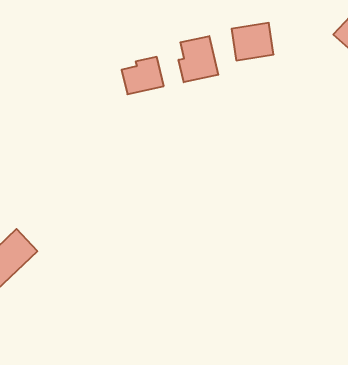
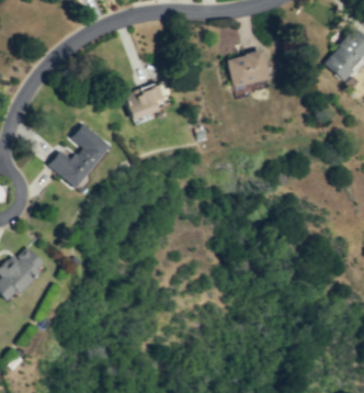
building: [179,36,218,82] -> none
building: none -> [48,122,112,189]

